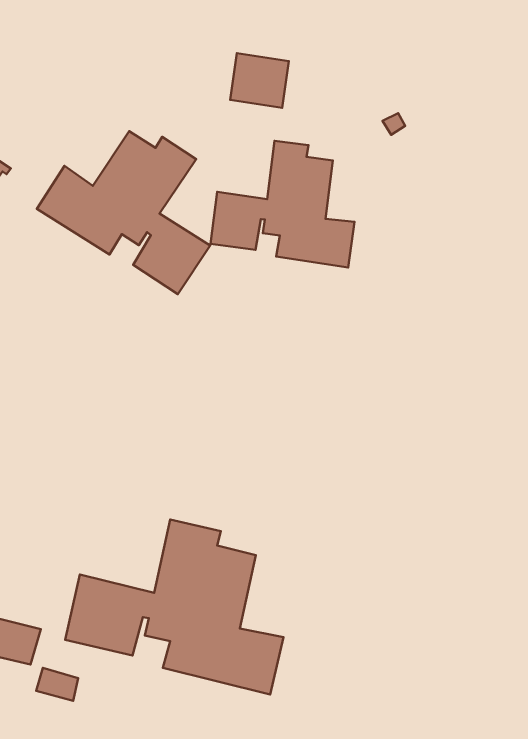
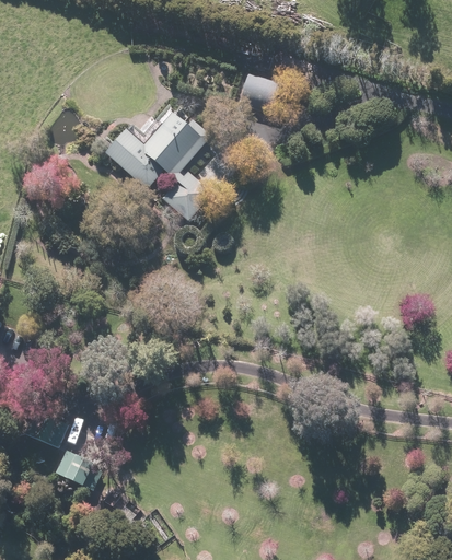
building: [210,141,355,267] -> none
building: [65,520,283,694] -> none

